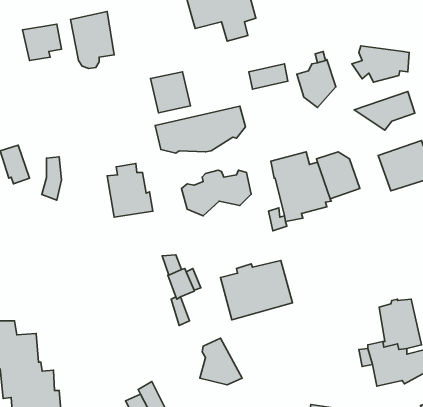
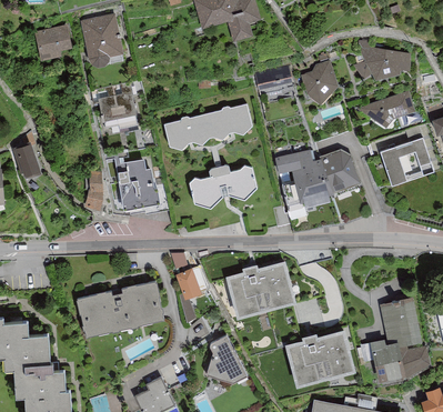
building: [151,72,191,113] -> [97,83,135,123]
building: [42,157,61,200] -> [84,171,103,213]
building: none -> [75,277,163,333]
building: none -> [285,324,355,383]

